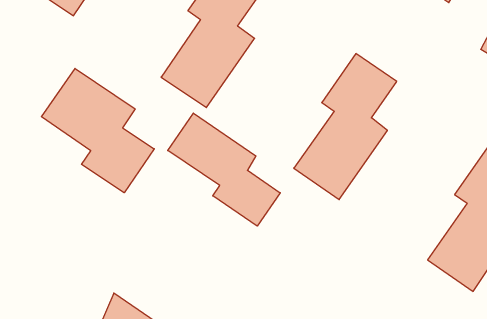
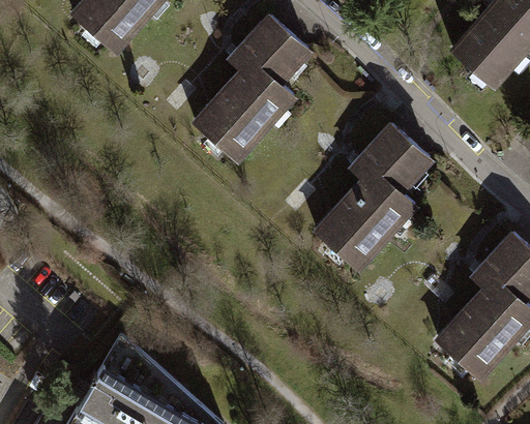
building: [41,68,154,193] -> none
building: [168,113,280,226] -> none

